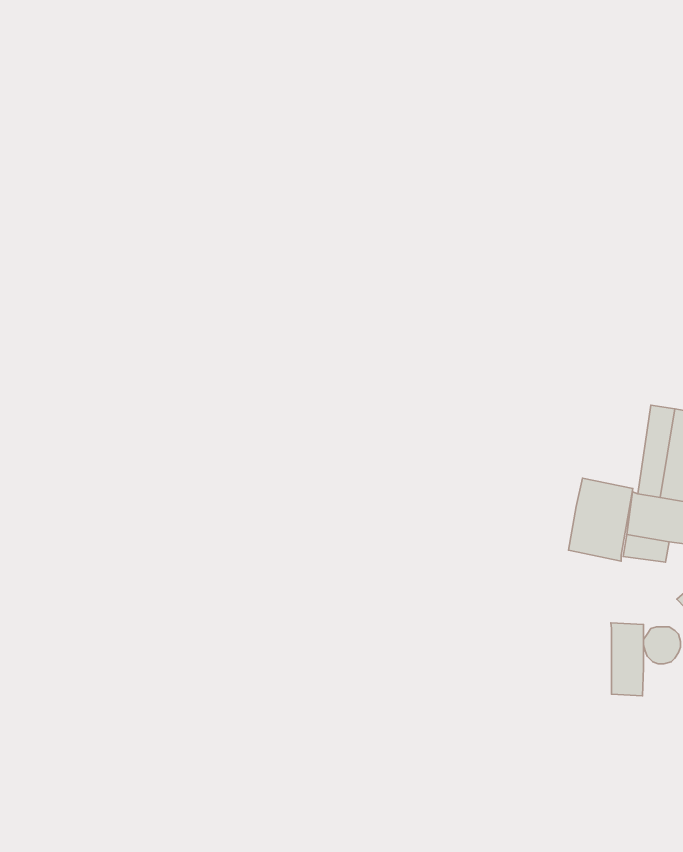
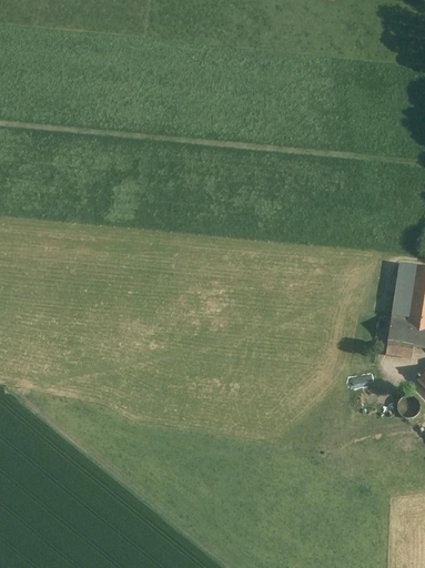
building: [569,478,633,561] -> none
building: [611,623,643,696] -> none

